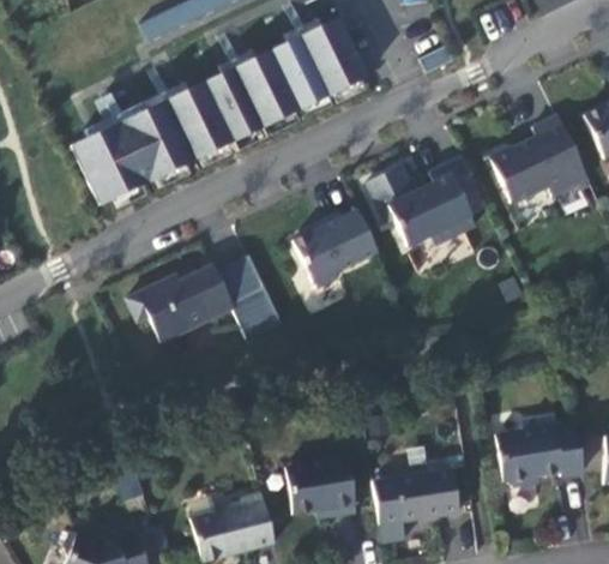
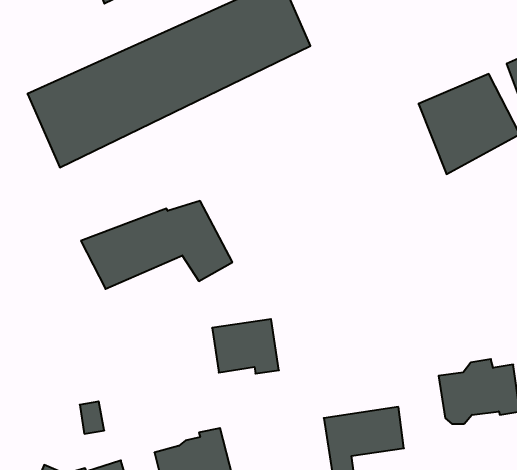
building: [360,151,488,251] -> none
building: [279,202,379,289] -> none
building: [294,460,366,518] -> [212,319,279,374]

